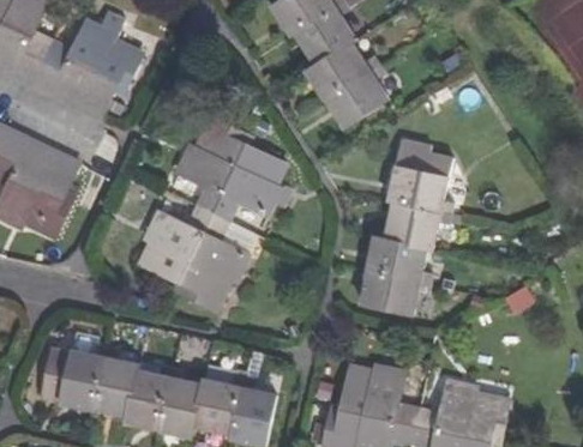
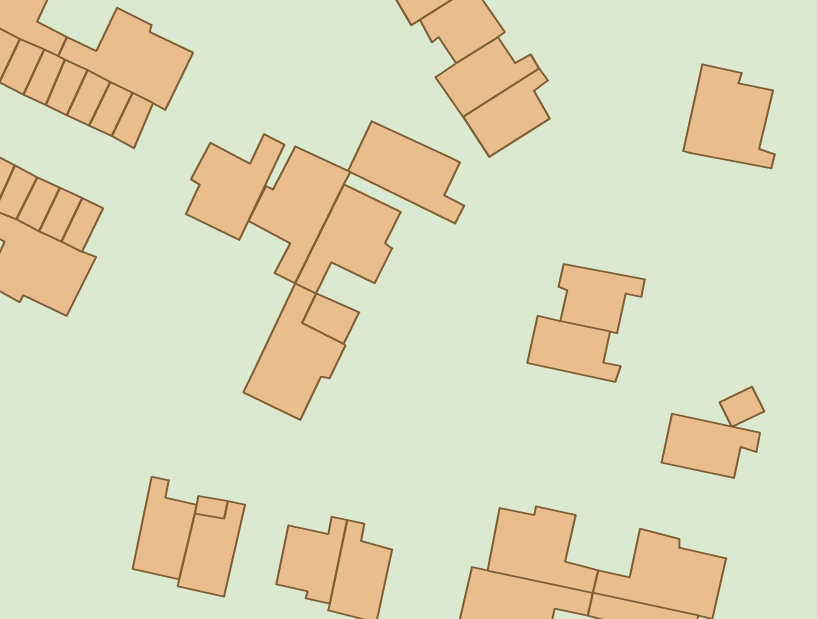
building: none -> [348,121,464,224]
building: [390,138,453,210] -> [683,64,775,168]
building: [140,205,209,278] -> [186,134,284,240]
building: [362,267,431,312] -> [661,414,760,478]
building: [42,344,109,410] -> none
building: [160,366,203,436] -> none

